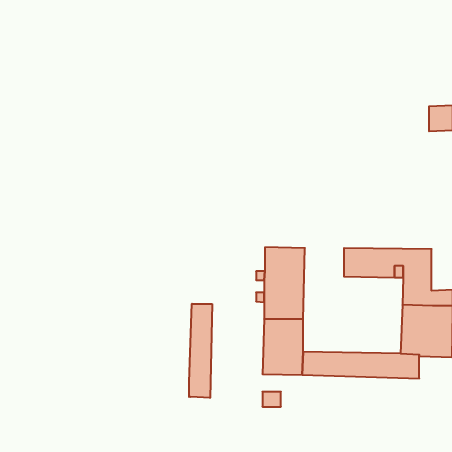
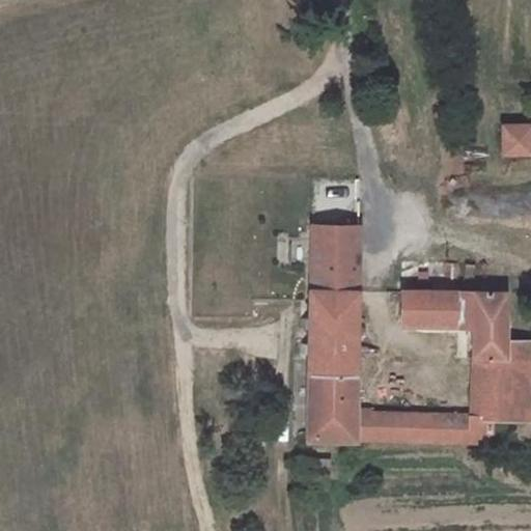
building: none -> [311,226,359,291]
building: [189,304,212,398] -> none

